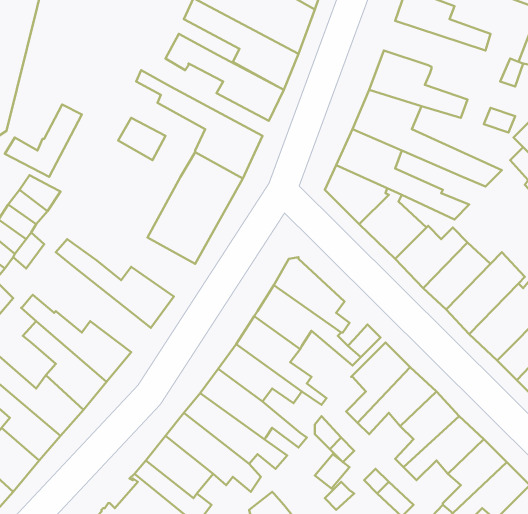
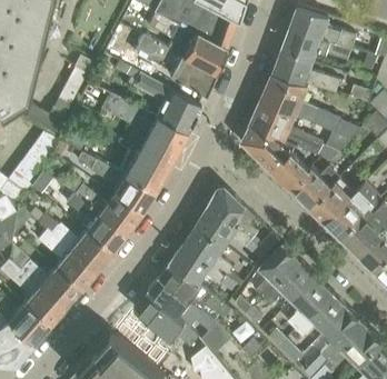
building: none -> [284,28,353,60]
building: none -> [79,153,156,215]
building: none -> [67,195,126,252]

